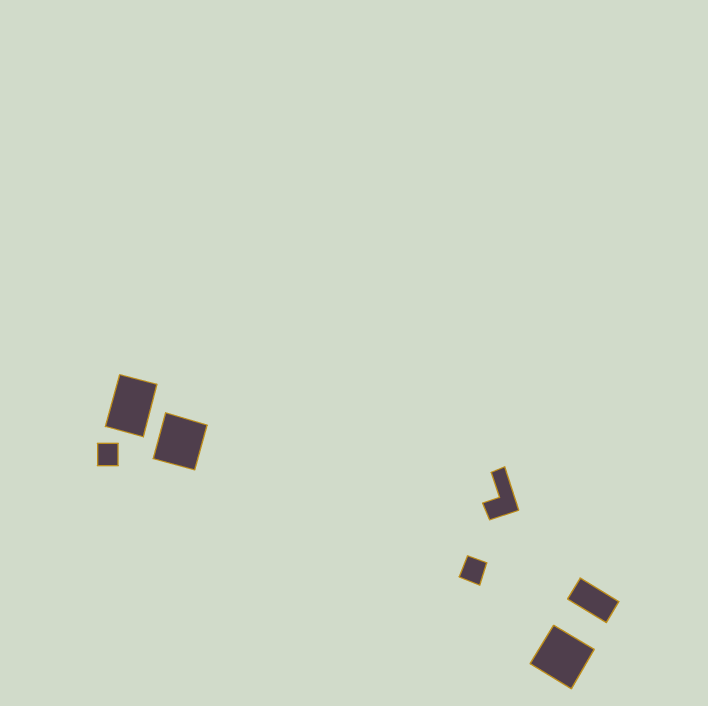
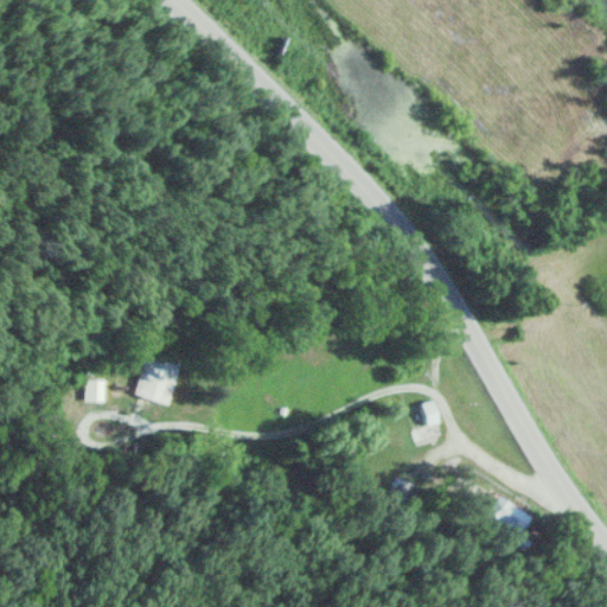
building: [105,375,157,437] -> none
building: [530,625,594,689] -> none

